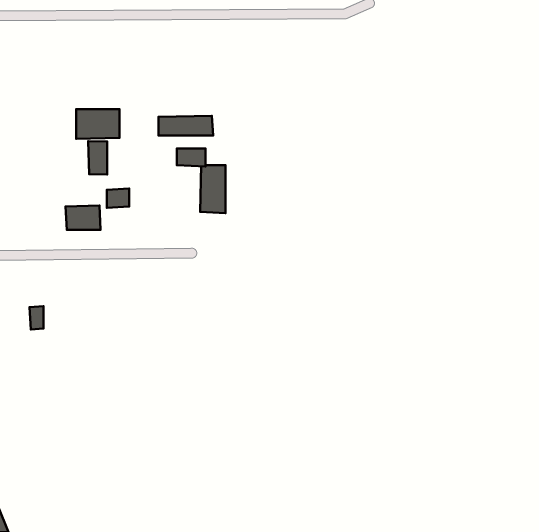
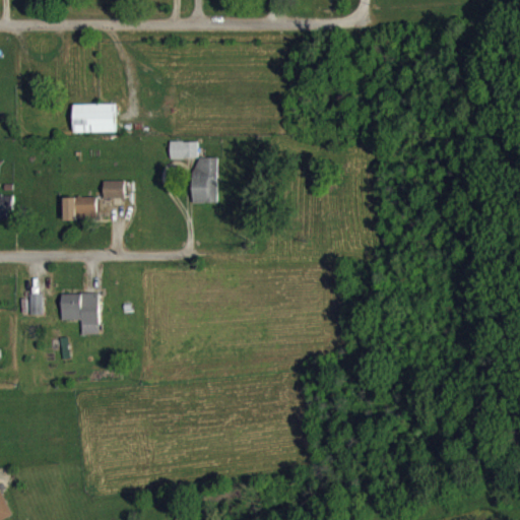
building: [158,116,213,135] -> none
building: [88,141,107,175] -> none
building: none -> [61,294,98,325]

